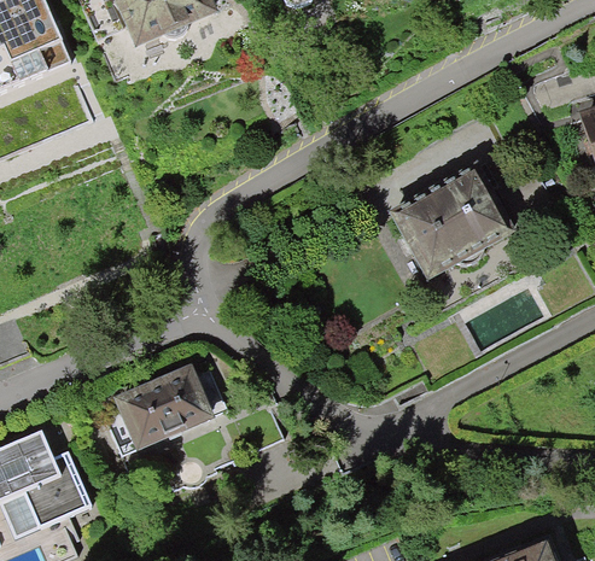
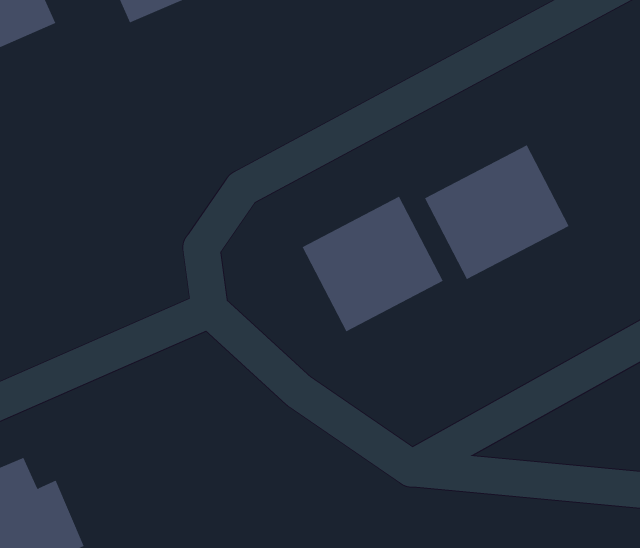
building: none -> [302,196,444,332]
building: [105,347,234,456] -> none

